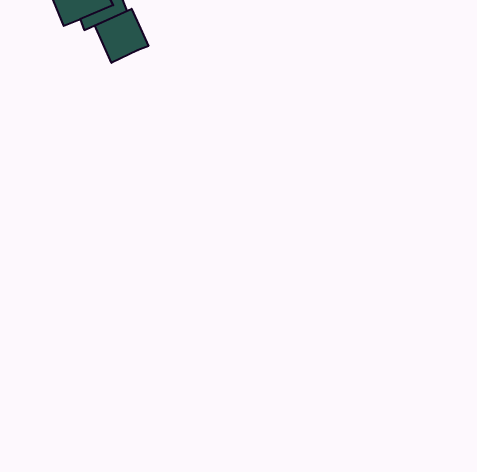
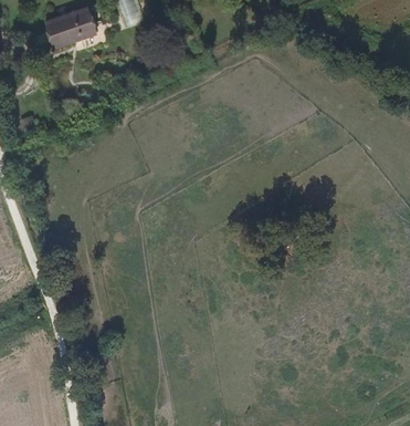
building: [95,9,148,63] -> none

